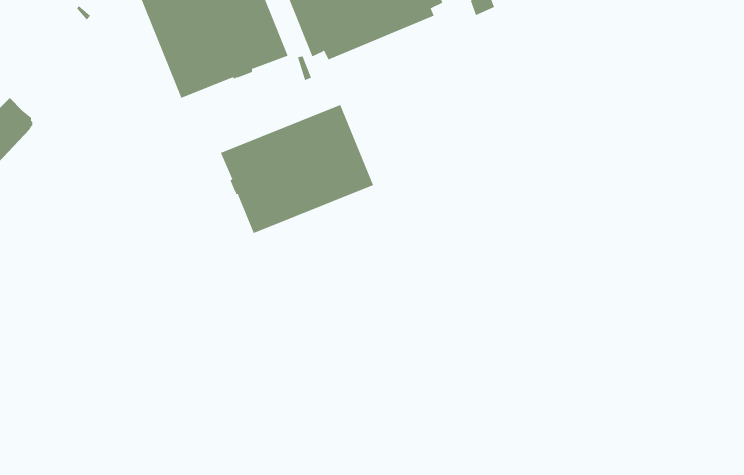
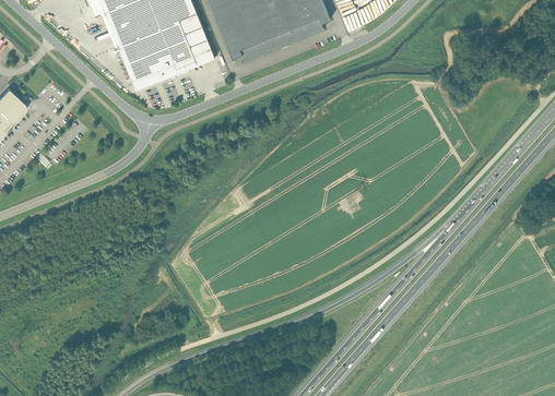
building: [220,104,374,234] -> none

